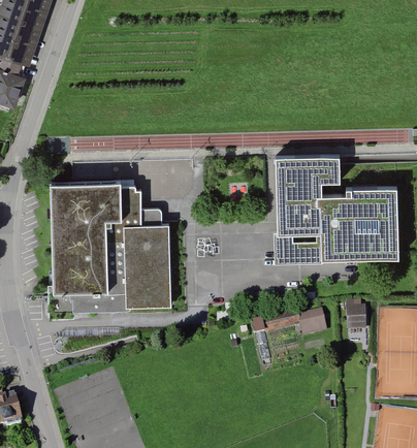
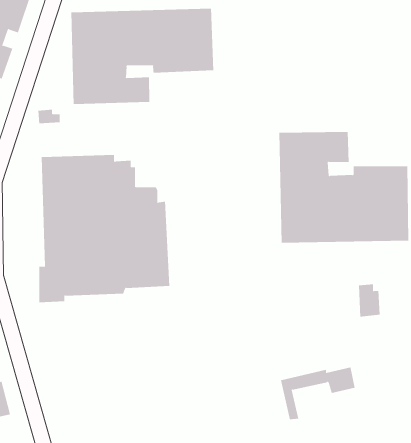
building: none -> [71,8,214,105]
building: [255,309,325,358] -> [280,367,355,420]

